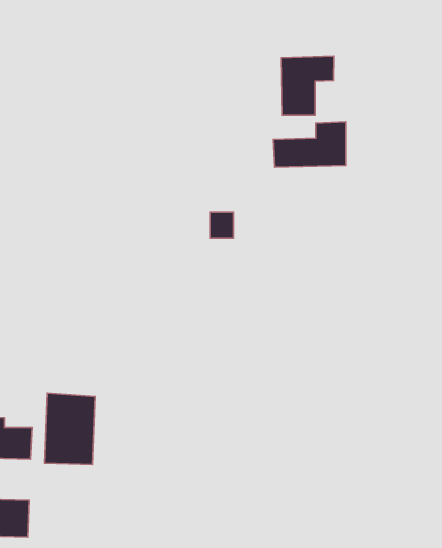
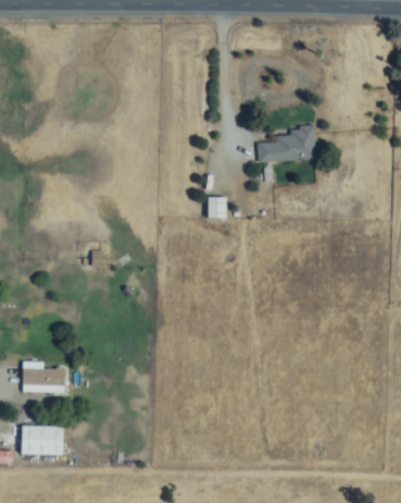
building: [281,56,334,115] -> none
building: [44,393,95,464] -> none

